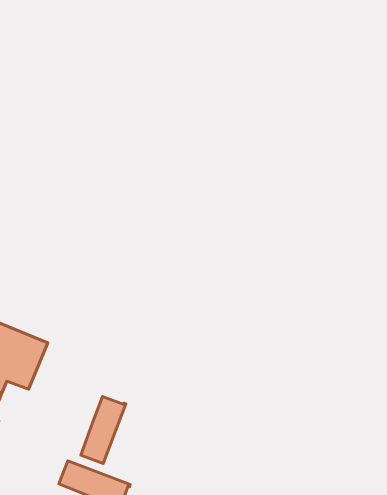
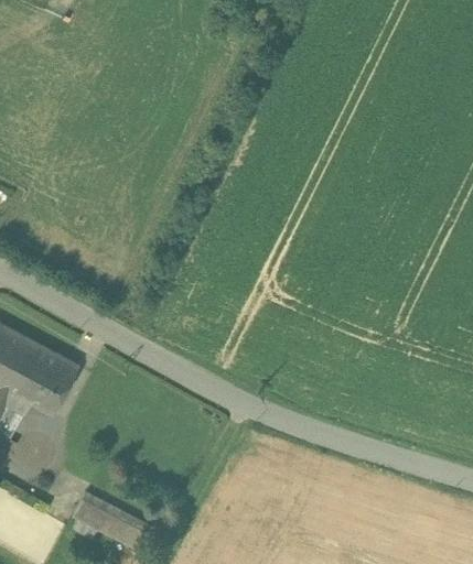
building: [81,396,126,464] -> none

